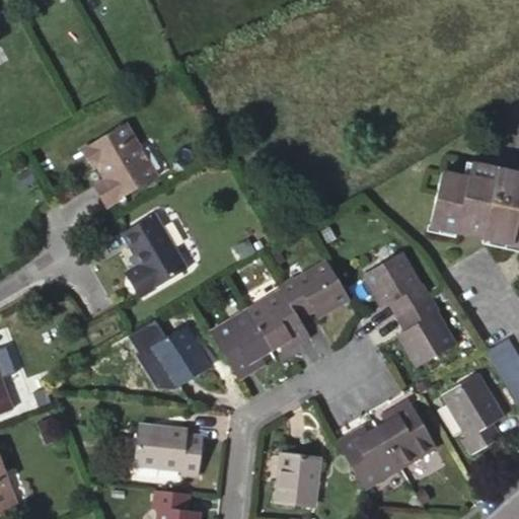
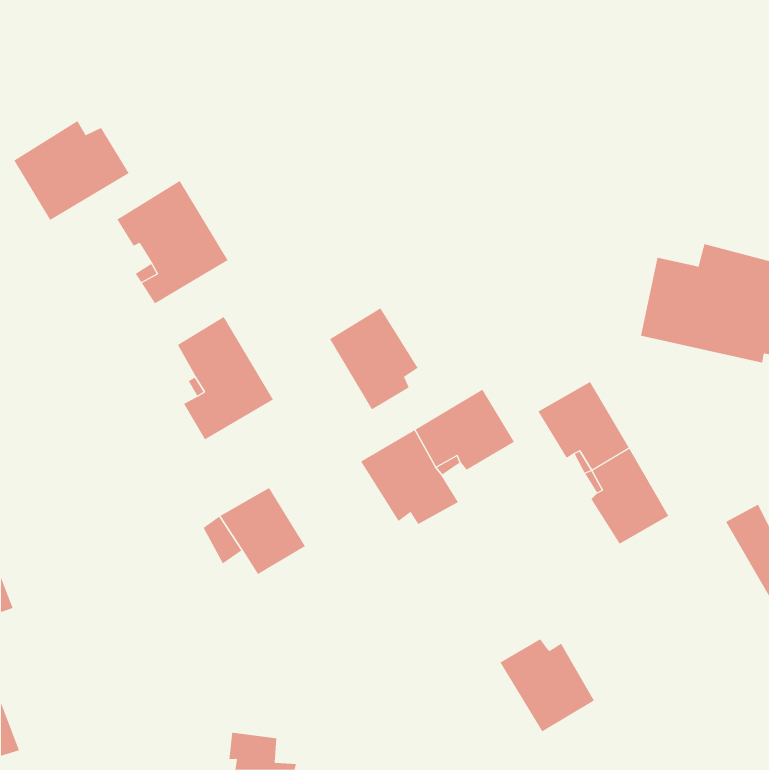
building: none -> [14,120,130,221]
building: [210,309,270,378] -> [329,307,419,410]
building: [452,387,510,465] -> none
building: [379,401,437,469] -> none
building: [134,425,204,474] -> none
building: [274,455,316,507] -> none

